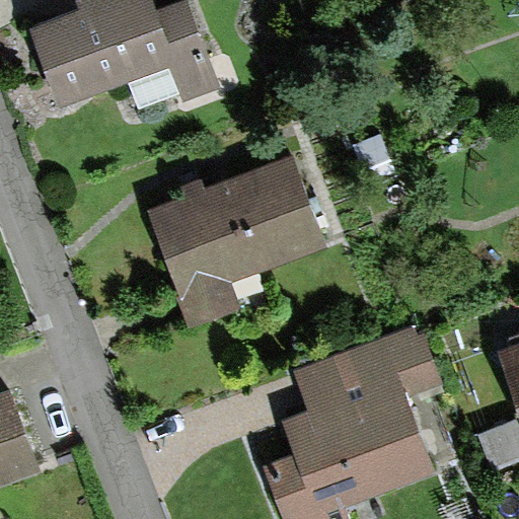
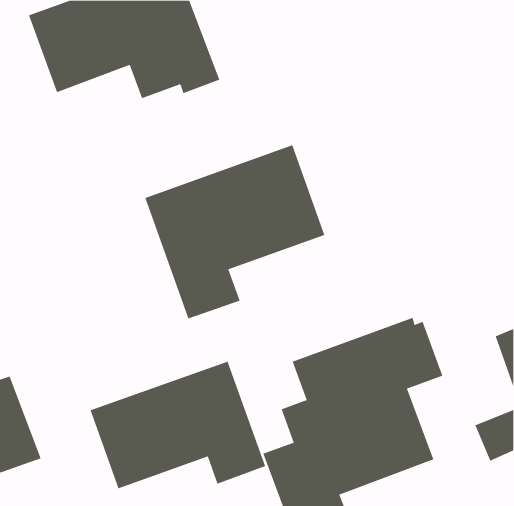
building: none -> [90,361,266,489]

